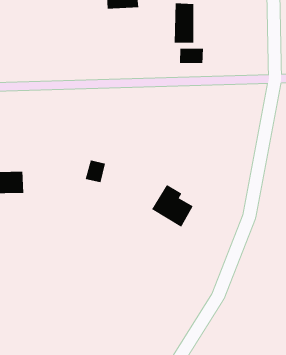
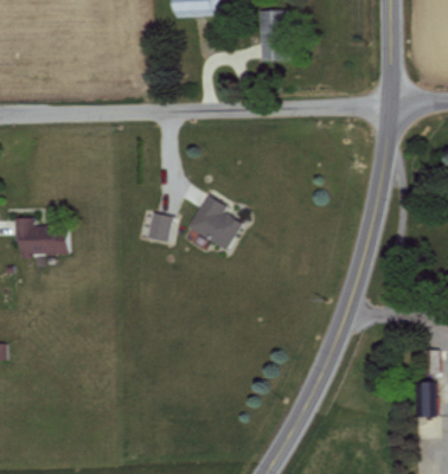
building: [179,48,204,64] -> none
building: [151,184,193,227] -> [187,194,242,250]

